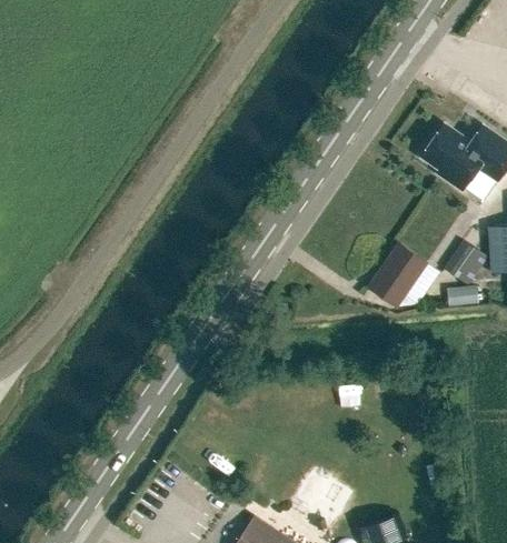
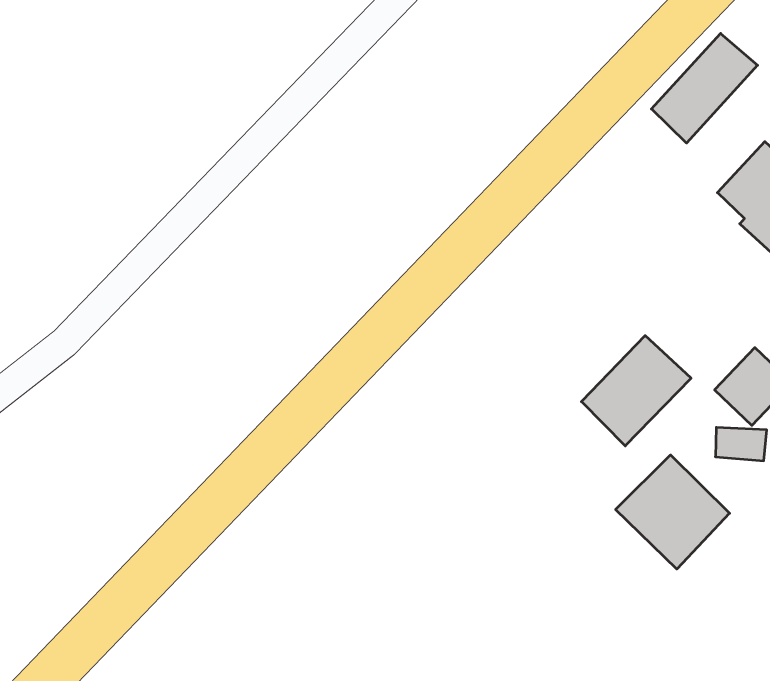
building: none -> [651,33,758,143]
building: none -> [616,455,730,569]

